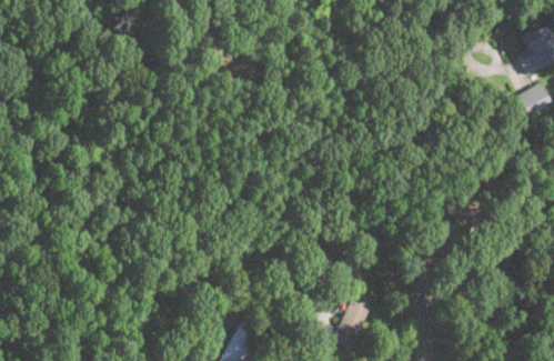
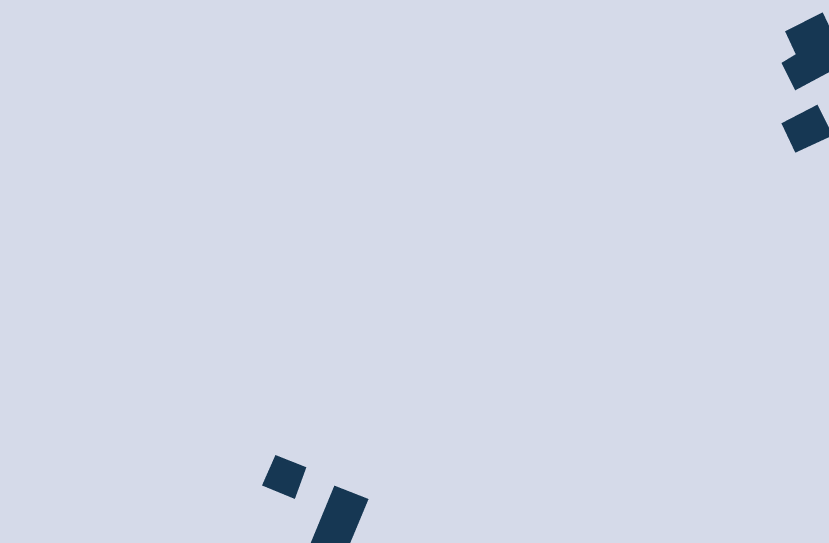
building: [334,298,371,345] -> none
building: none -> [261,454,307,500]

